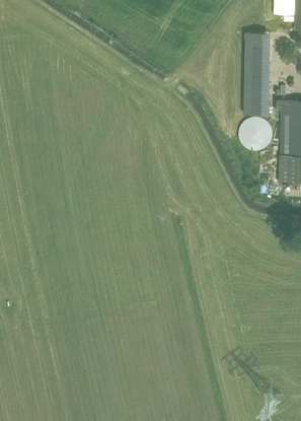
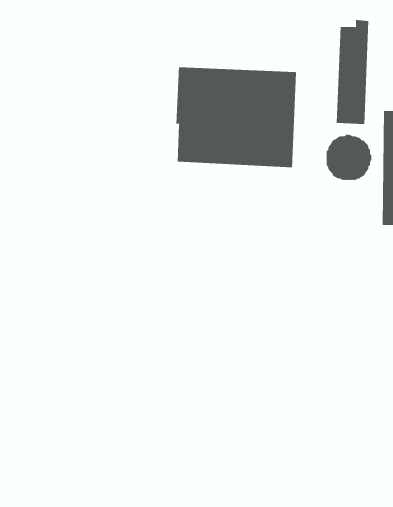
building: none -> [176,66,297,168]

